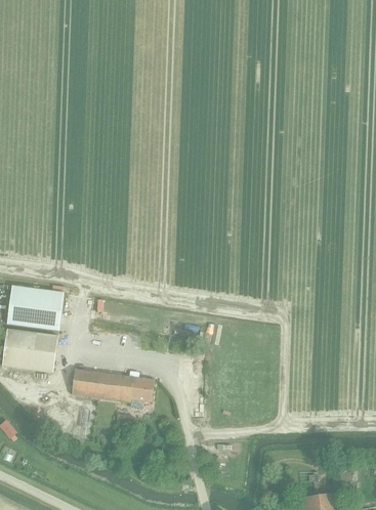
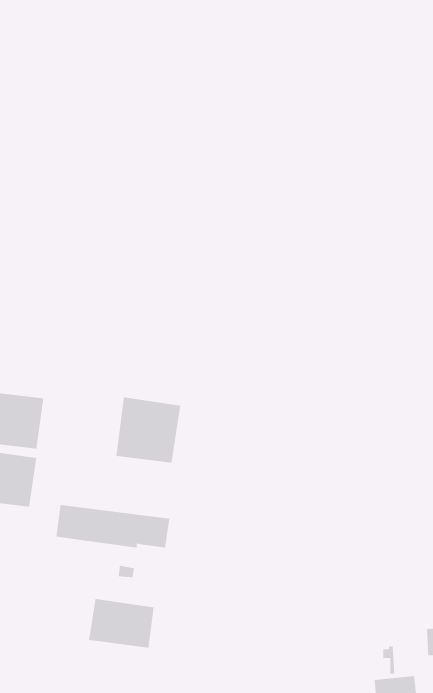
building: none -> [116,396,181,464]
building: none -> [88,598,154,648]

